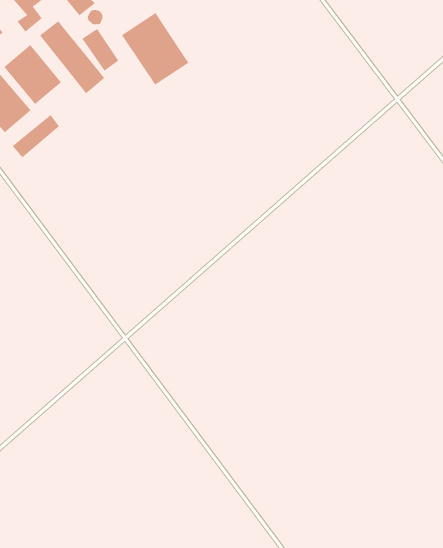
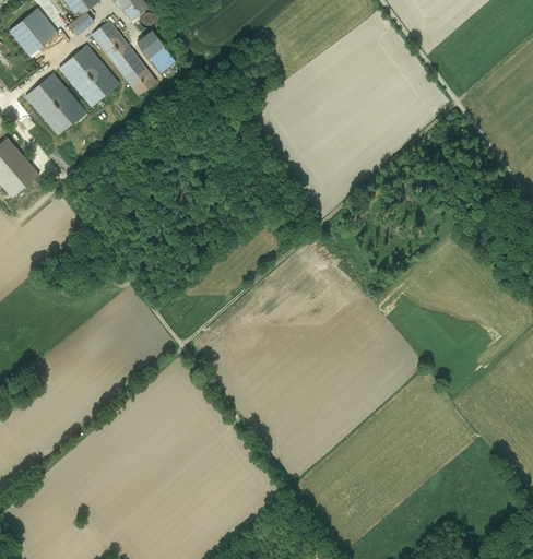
building: [121,12,189,86] -> none
building: [12,114,60,158] -> none

